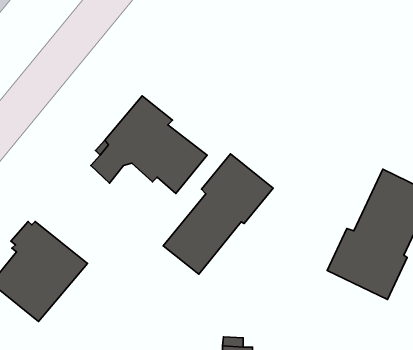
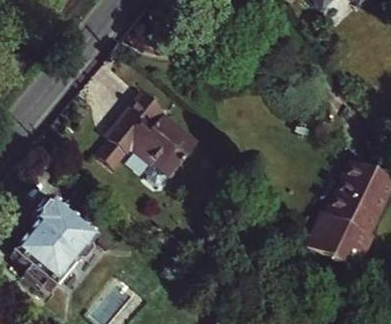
building: [163,154,273,274] -> none

